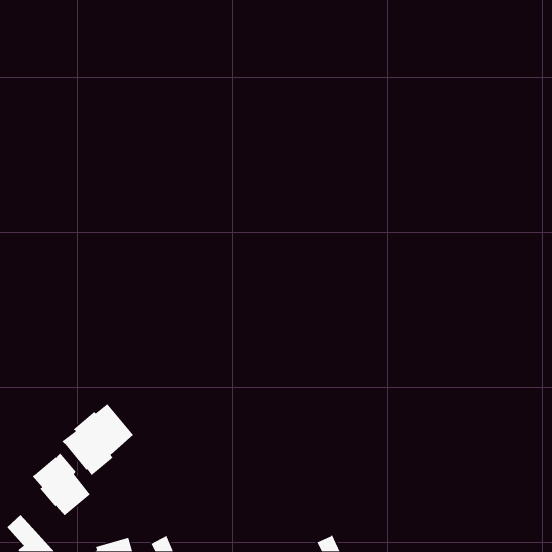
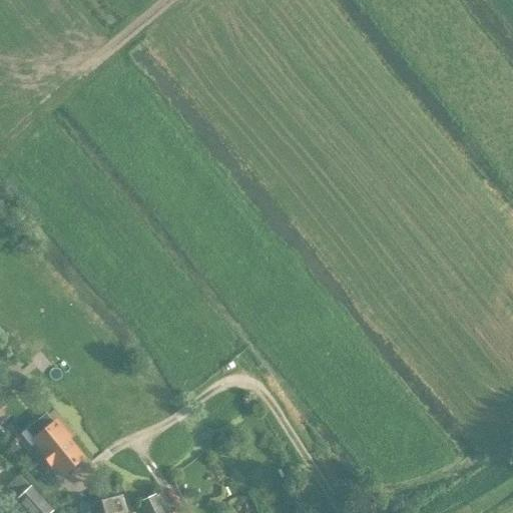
building: [62,403,134,476] -> none

